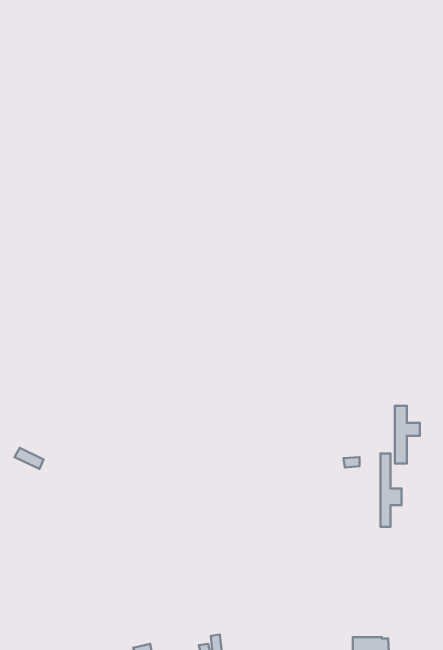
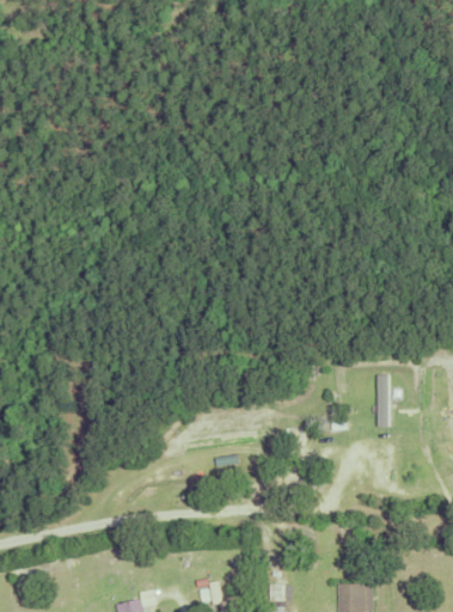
building: [381,454,401,527] -> none

